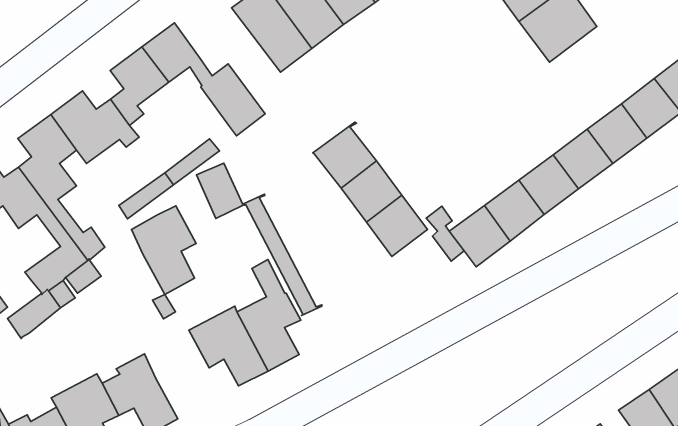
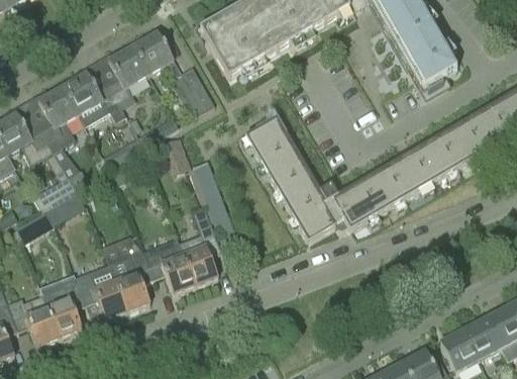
building: [132,206,196,294] -> [110,250,154,311]
building: none -> [293,198,336,241]

